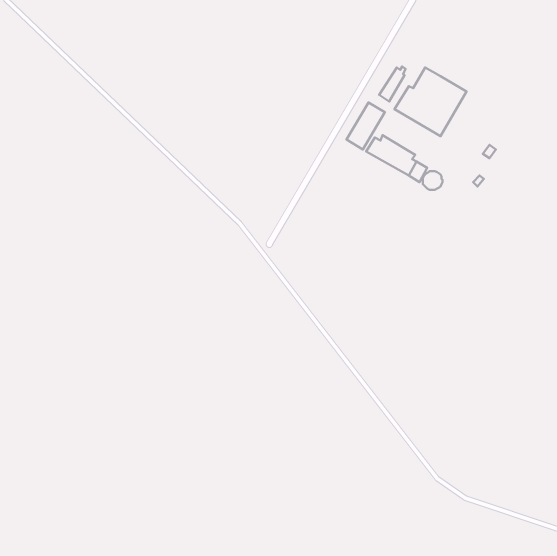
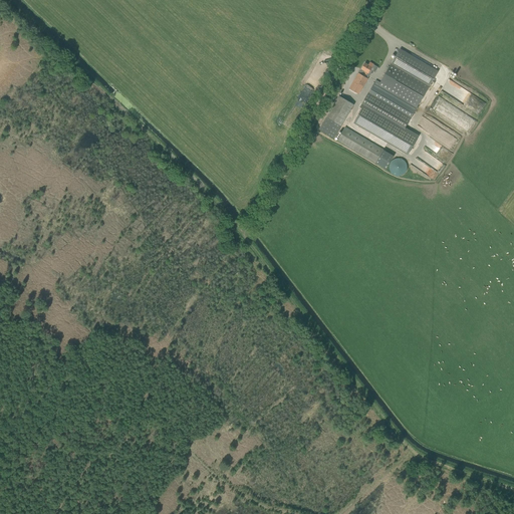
building: none -> [392,49,438,84]
building: none -> [354,100,419,154]

